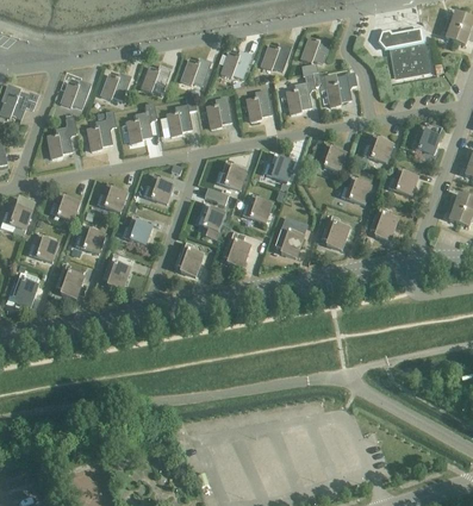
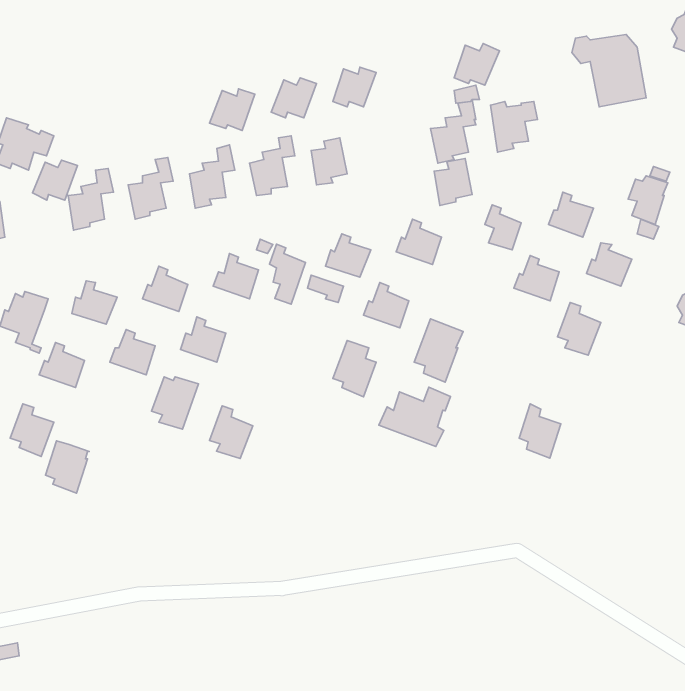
building: [261,44,291,70] -> none
building: [101,73,131,100] -> none
building: [61,81,91,107] -> [32,160,78,200]
building: [247,90,272,121] -> [434,158,472,205]
building: [201,201,225,240] -> [269,244,306,304]
building: [322,214,349,250] -> [519,404,561,458]
building: [175,242,204,276] -> [209,406,253,458]
building: none -> [379,387,450,446]
building: [56,264,85,299] -> [46,441,89,493]

